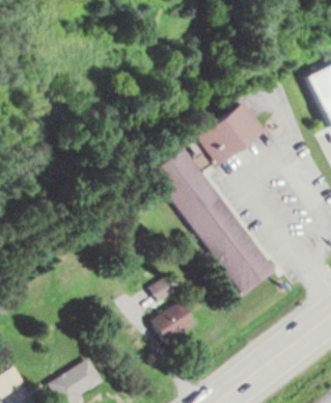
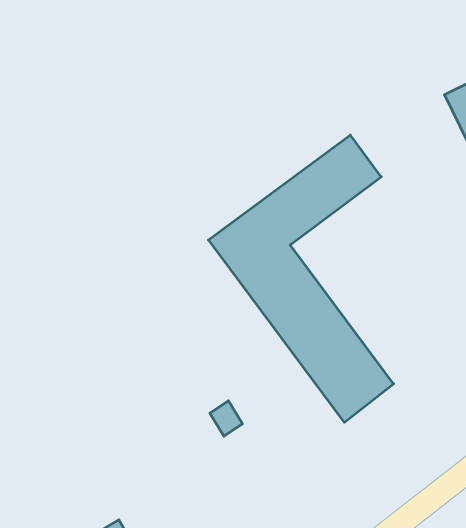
building: [150,301,195,343] -> none

